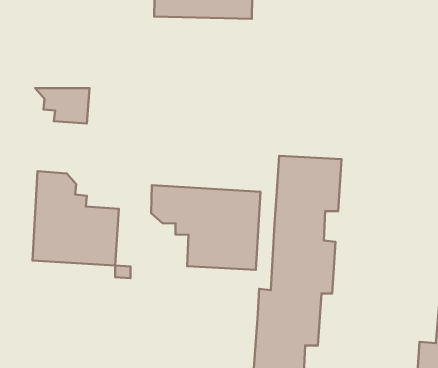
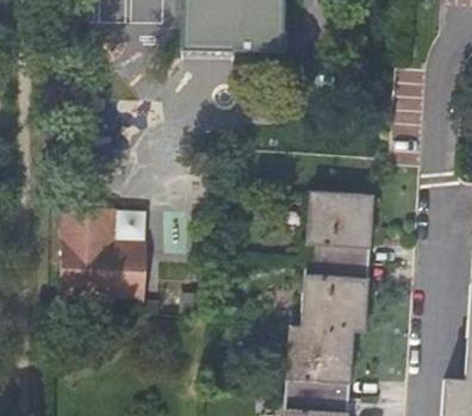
building: [35,88,89,124] -> [95,209,150,244]
building: [151,185,260,270] -> none

